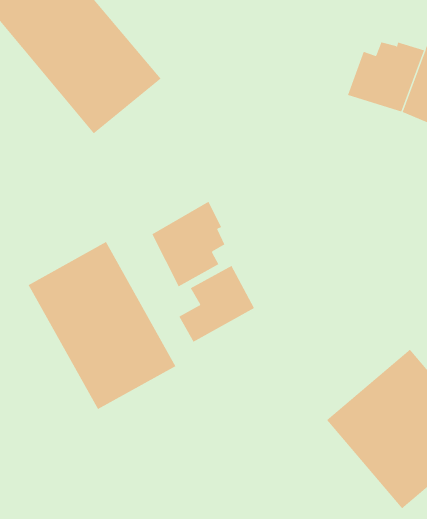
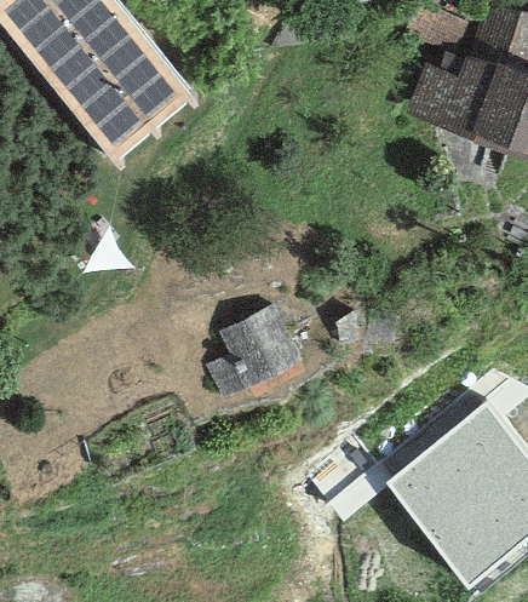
building: [152,201,225,287] -> none
building: [28,241,176,410] -> none

